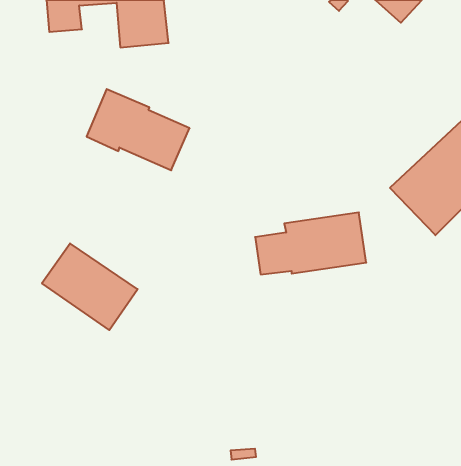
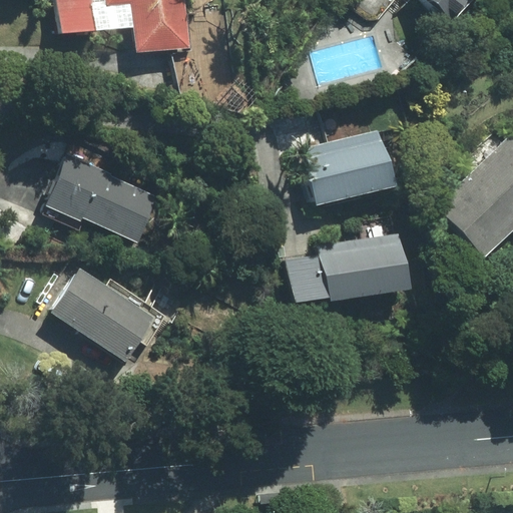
building: [87,89,190,170] -> [46,152,159,241]
building: none -> [299,130,392,206]

